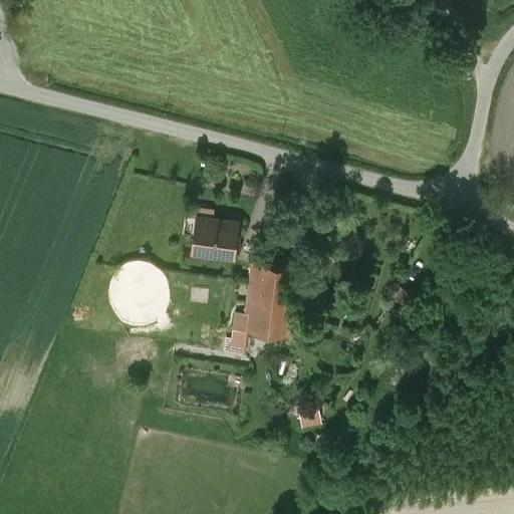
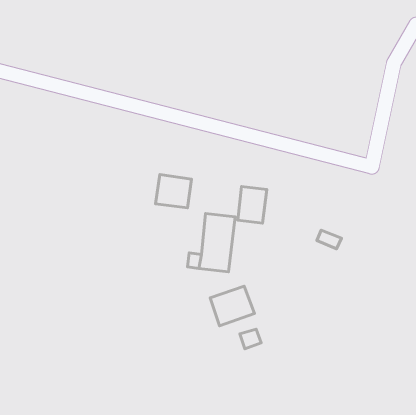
building: none -> [238,187,267,223]
building: none -> [210,286,254,326]

